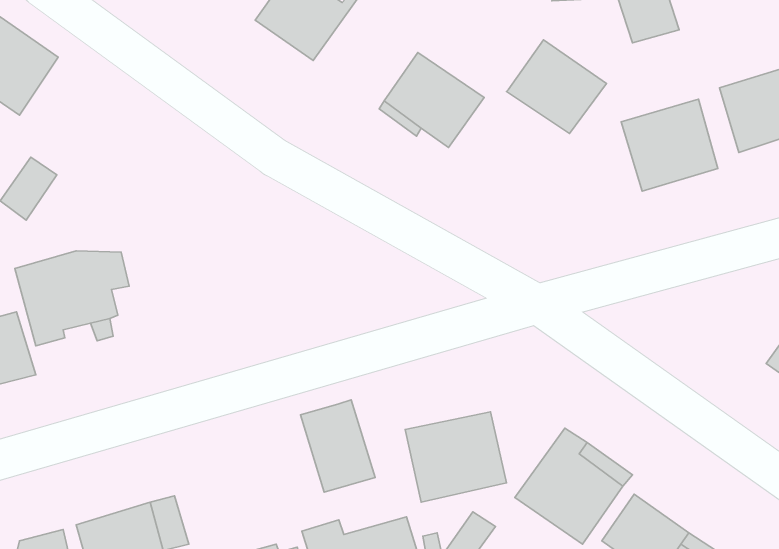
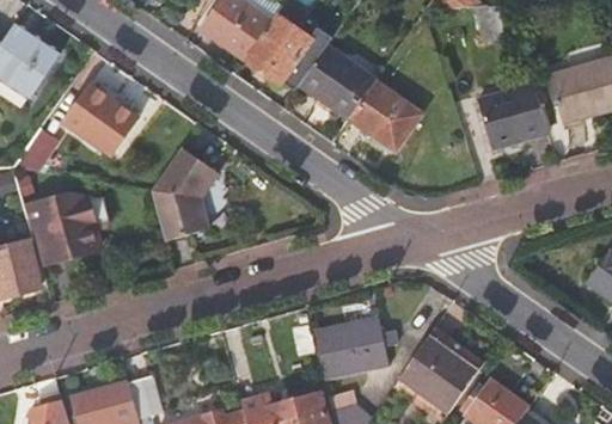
building: none -> [249,16,324,90]
building: [506,40,606,133] -> [348,82,422,152]
building: none -> [62,86,137,159]
building: none -> [152,148,216,242]
building: [300,400,375,492] -> none

